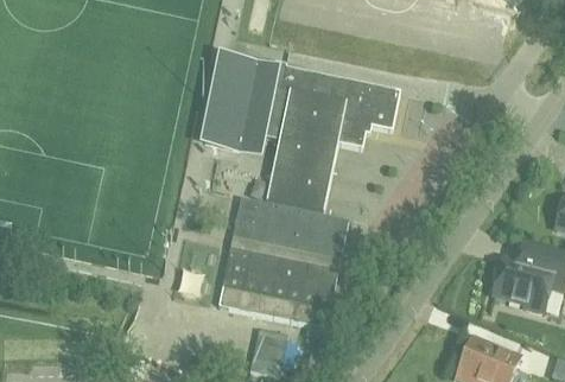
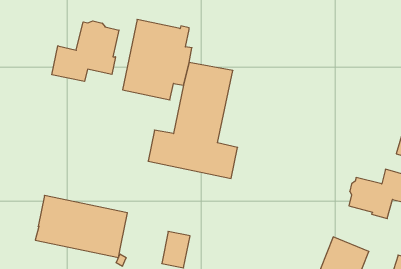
building: none -> [52,21,119,81]
building: [281,65,400,149] -> none
building: [218,246,338,326] -> [35,195,127,257]

